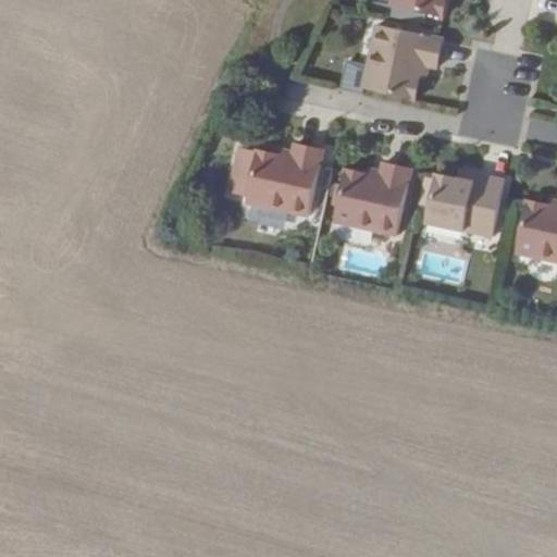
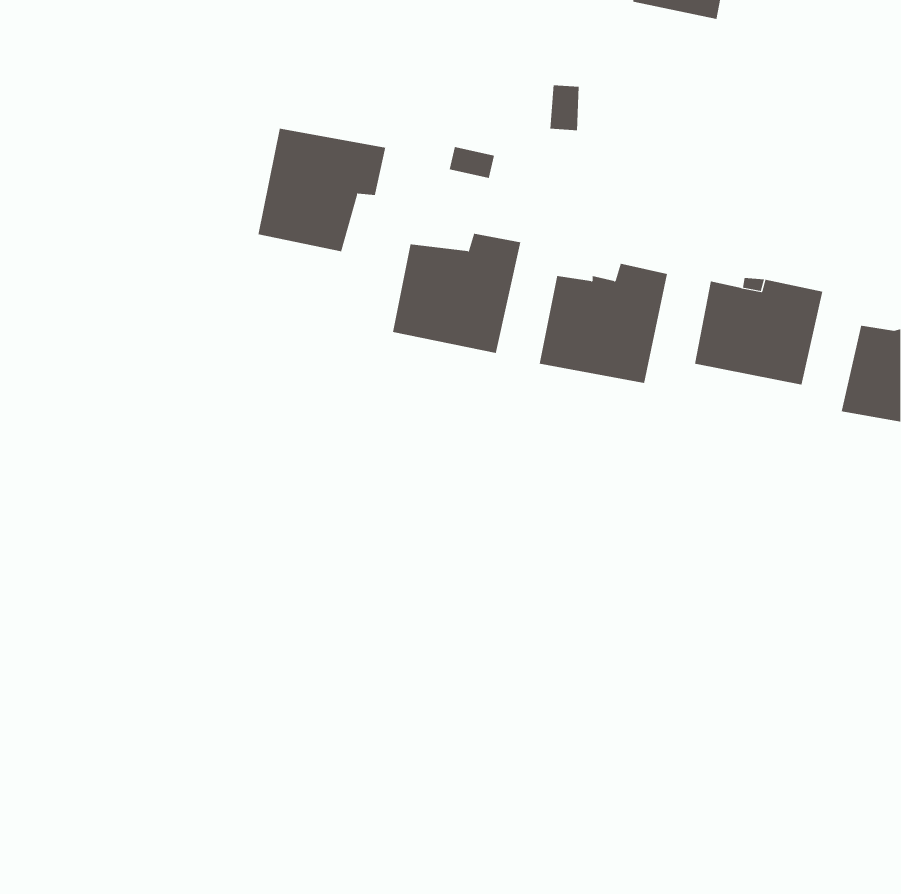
building: [360,21,443,98] -> none
building: none -> [258,128,386,252]

